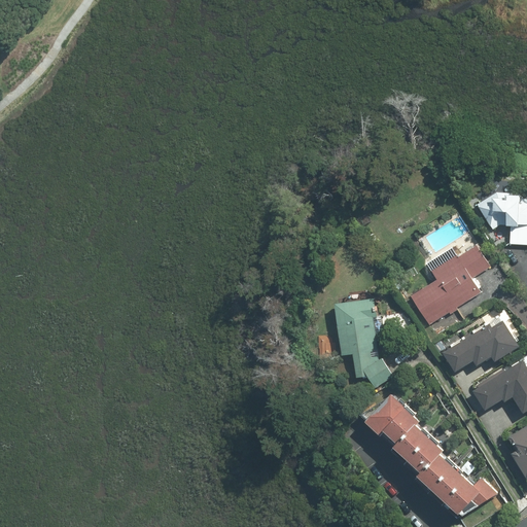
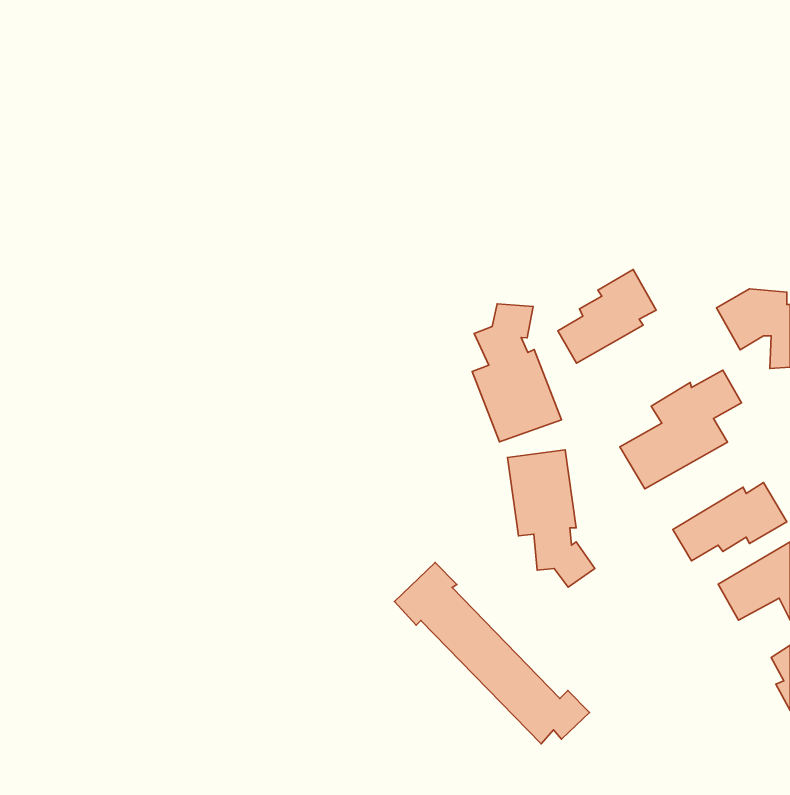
building: none -> [558,270,656,363]
building: none -> [472,304,561,442]
building: [366,393,495,513] -> [394,563,590,744]

